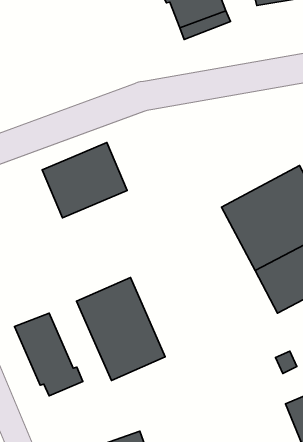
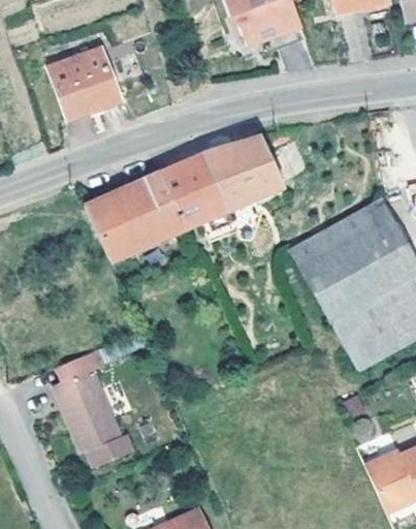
building: none -> [46,45,121,118]
building: none -> [161,136,283,226]
building: [77,277,165,380] -> none

